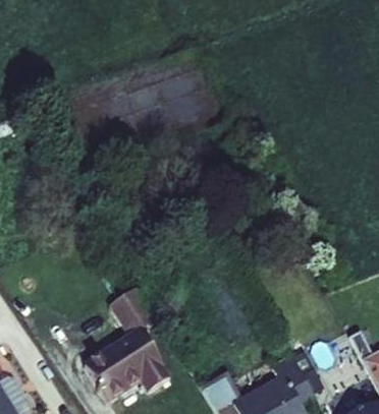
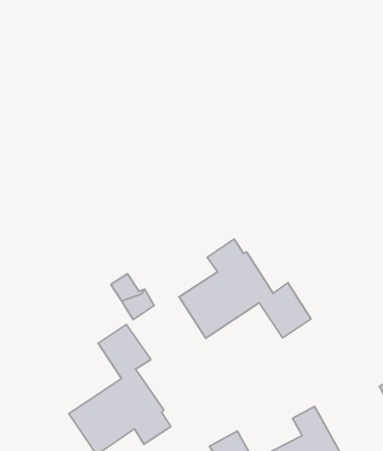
building: none -> [179,239,311,338]

